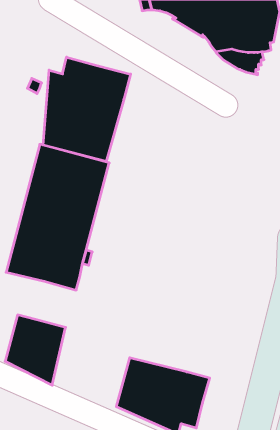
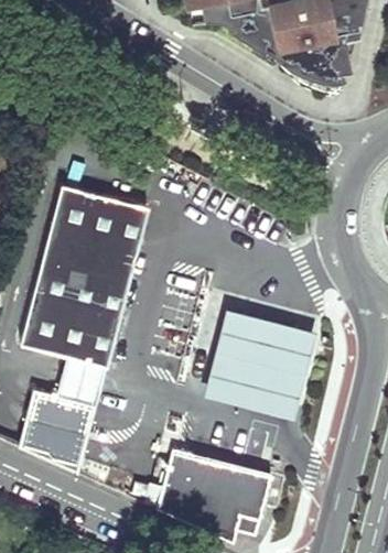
building: [43,57,131,162] -> none
building: none -> [204,307,316,416]
building: none -> [56,351,107,409]

